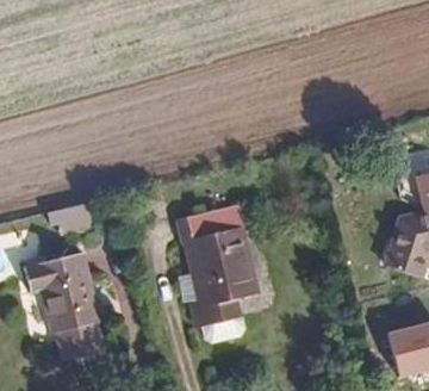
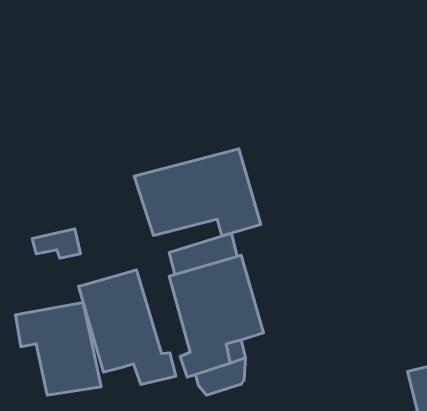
building: none -> [134,149,261,236]
building: none -> [79,270,176,385]

